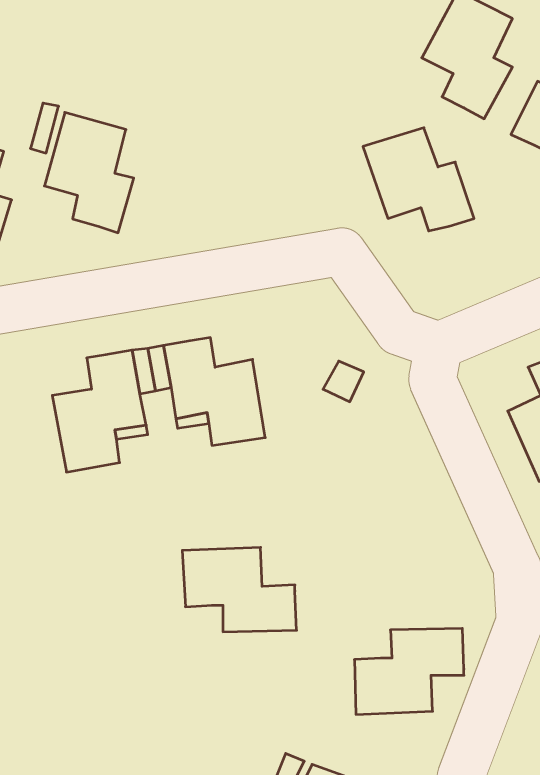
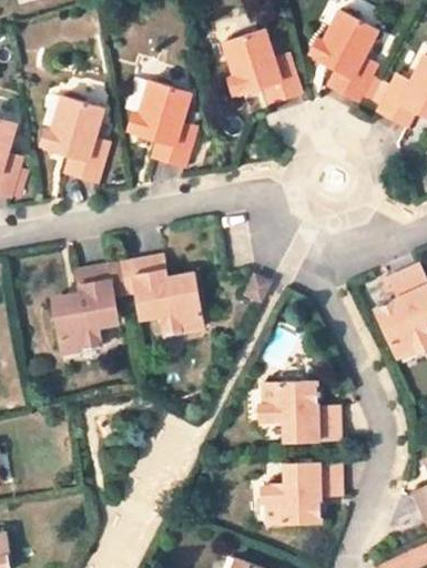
building: none -> [133,81,196,168]
building: [363,128,474,231] -> [222,30,301,103]
building: [182,547,297,632] -> [261,381,342,440]

